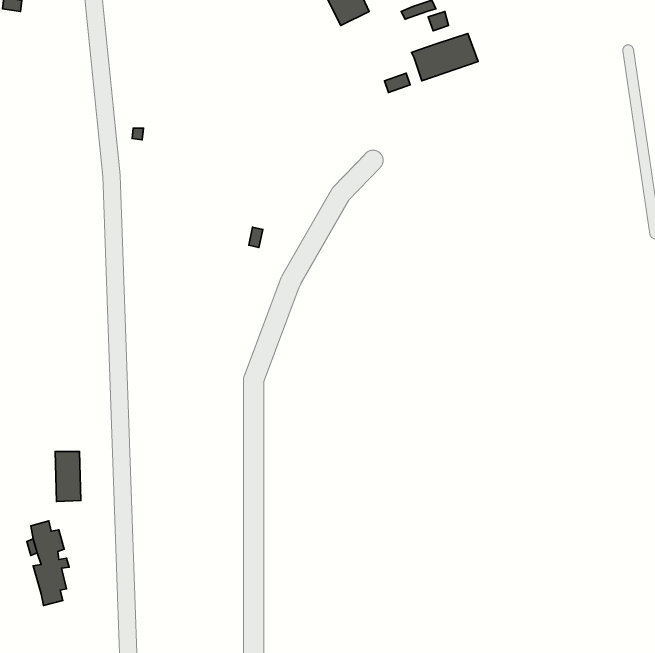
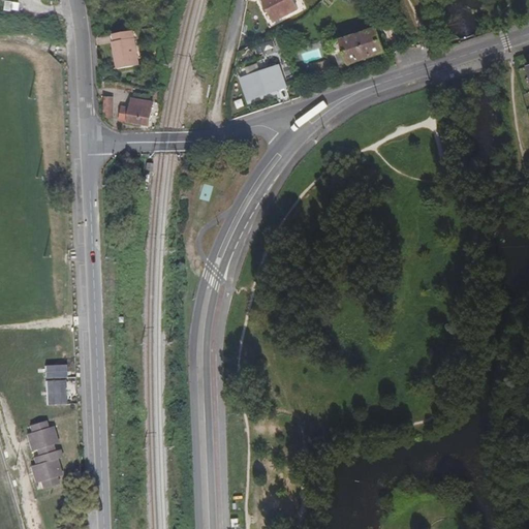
building: none -> [113,29,139,67]
building: none -> [243,64,289,99]
building: none -> [121,96,154,122]

